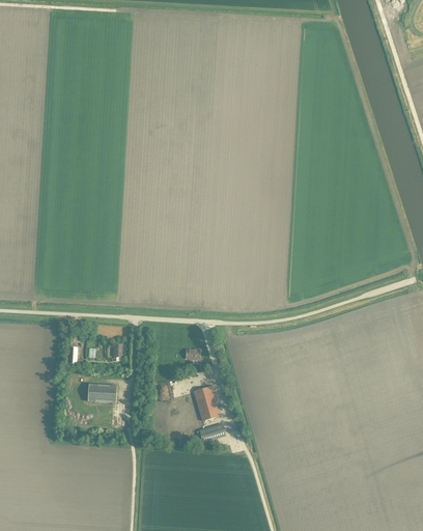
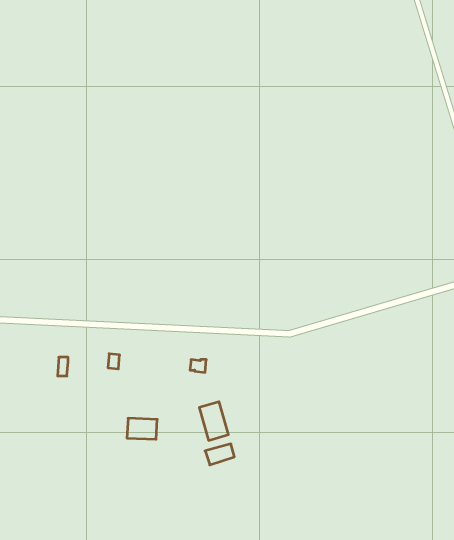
building: [88,383,115,401] -> [127,418,157,439]

